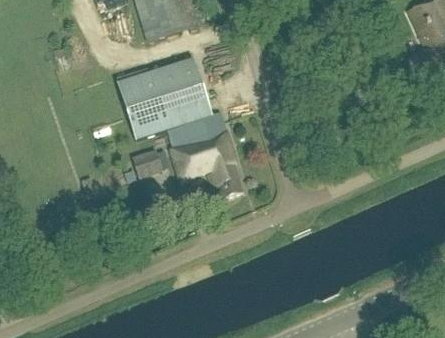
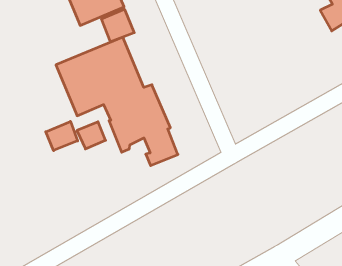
building: none -> [102,9,134,42]
building: none -> [46,121,78,151]

